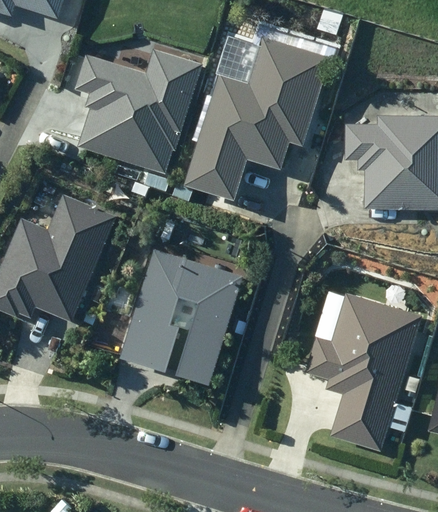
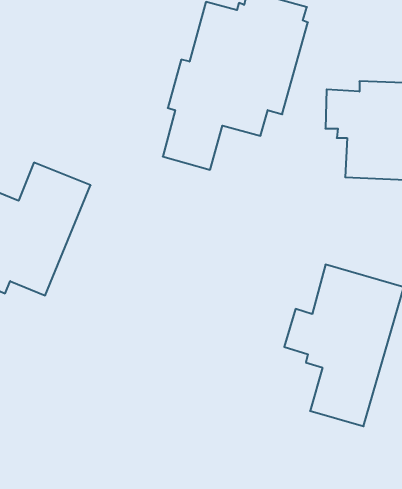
building: [76,50,201,173] -> none
building: [119,249,242,385] -> none

